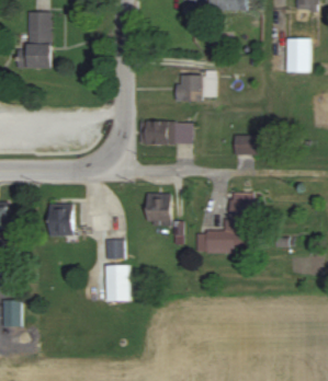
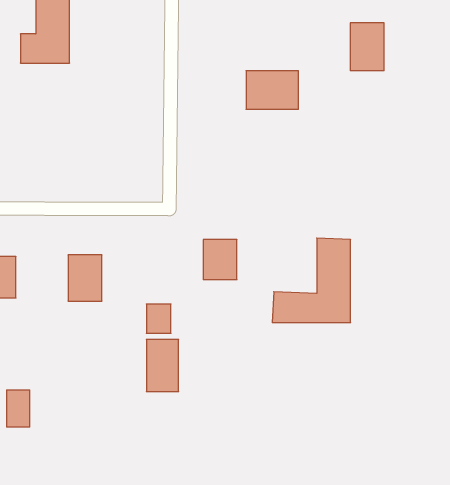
building: [285,38,309,72] -> [350,23,384,71]
building: [138,123,192,145] -> none
building: [234,135,256,154] -> none

